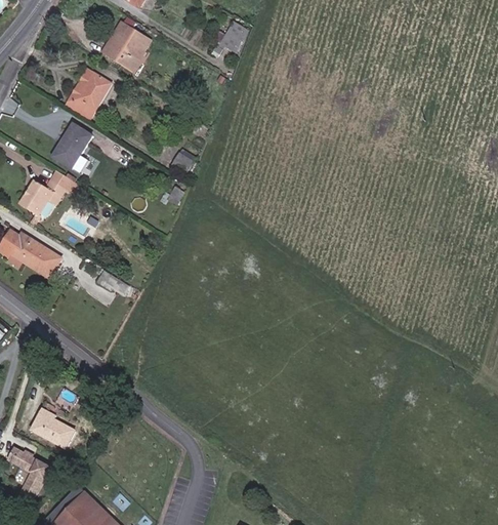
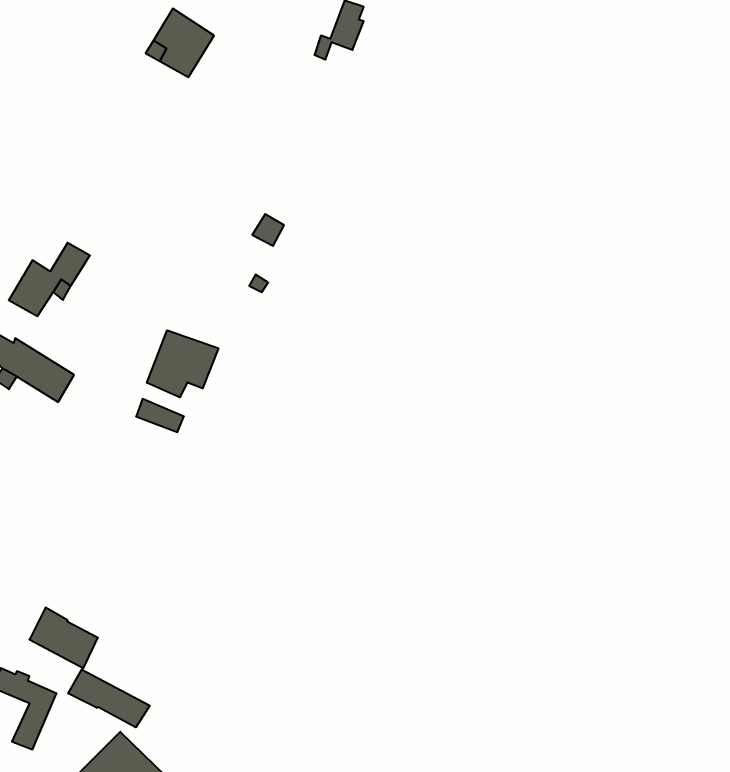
building: [68,69,116,121] -> none
building: [54,123,97,170] -> none
building: none -> [147,330,218,397]
building: none -> [68,670,150,727]

